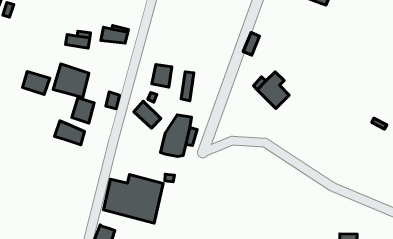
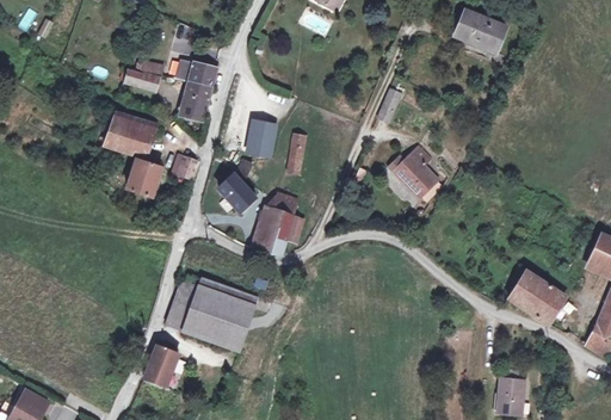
building: none -> [181,84,210,119]
building: [22,72,50,95] -> none
building: [55,121,85,145] -> none
building: none -> [511,272,564,322]

